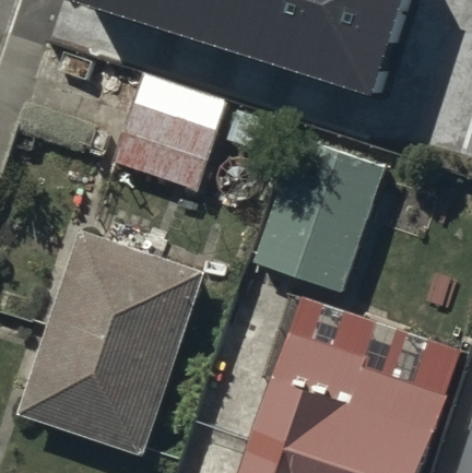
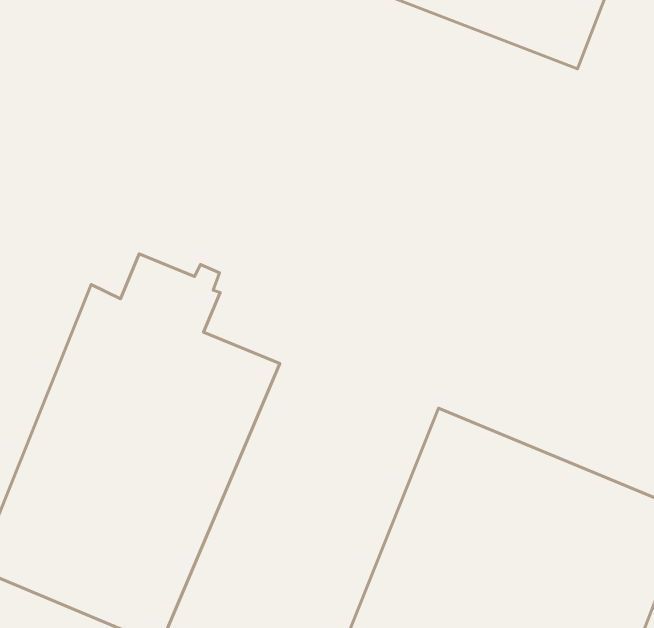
building: [114,81,222,192] -> none
building: [256,140,381,297] -> none

